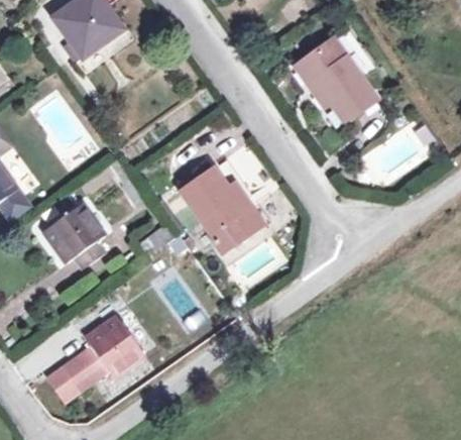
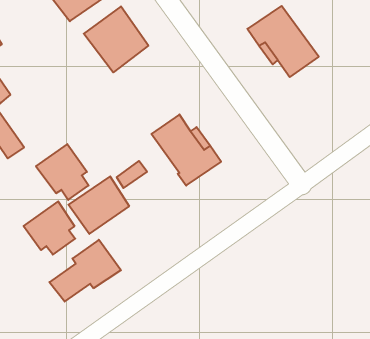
building: none -> [84,6,148,72]
building: none -> [68,176,129,234]
building: none -> [24,201,75,255]

